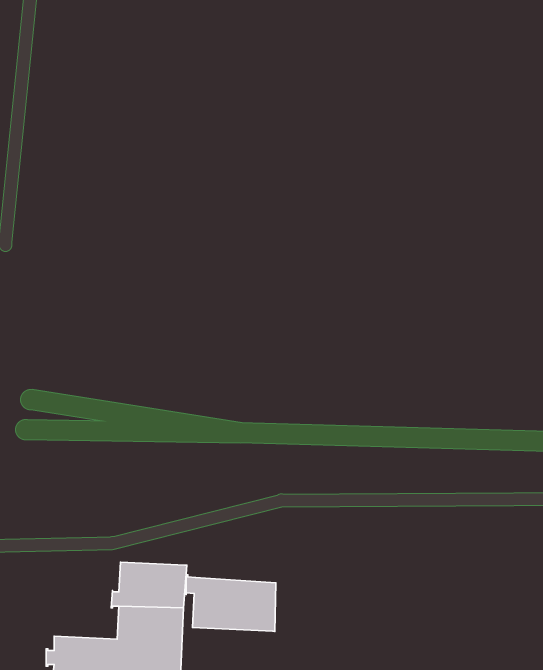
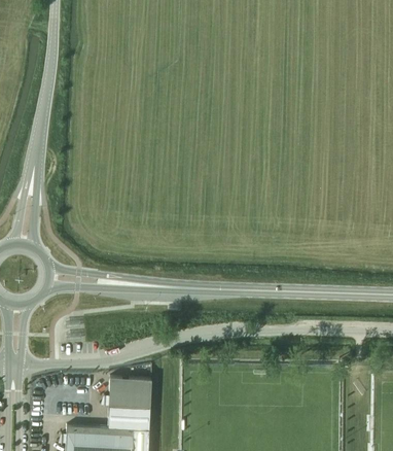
building: [186,575,276,631] -> none

